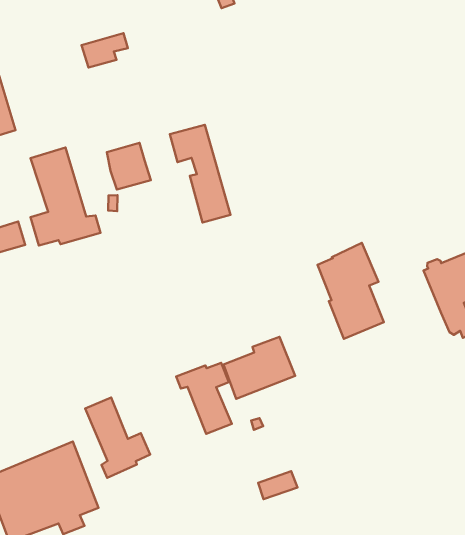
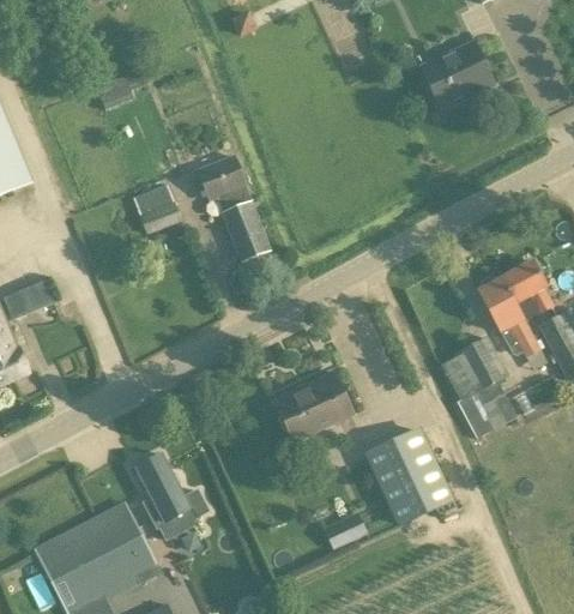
building: none -> [419,42,491,108]
building: [31,148,101,245] -> none
building: [318,243,384,339] -> [441,336,516,439]
building: [176,363,232,434] -> none
building: none -> [364,428,452,525]

